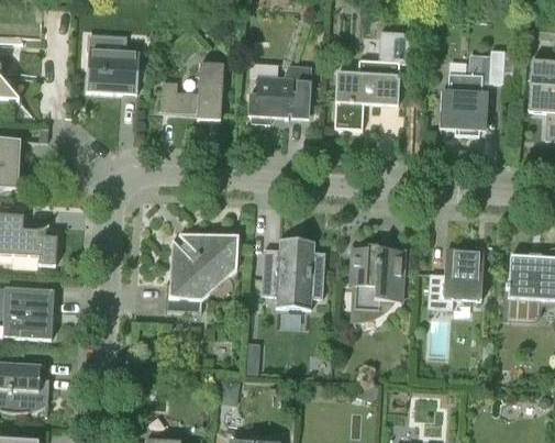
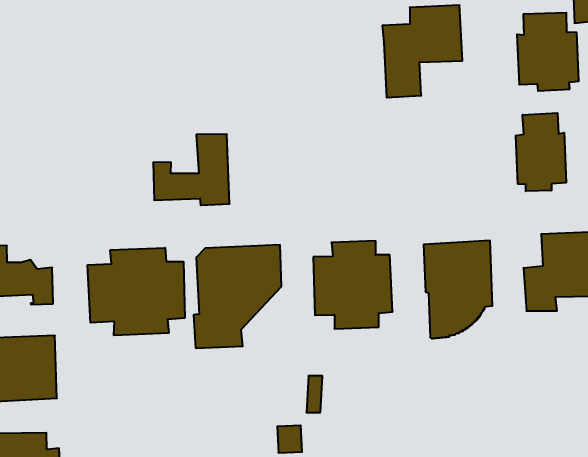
building: [86,45,138,93] -> none
building: [160,62,223,119] -> [153,134,230,205]
building: [247,64,311,123] -> none
building: none -> [516,113,566,191]
building: none -> [88,248,185,335]

